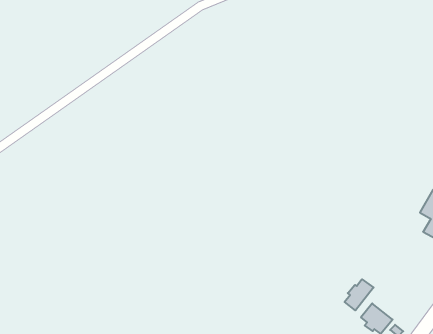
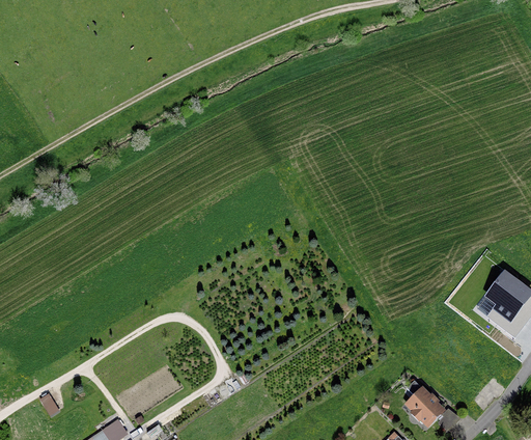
building: [345,279,374,310] -> none

